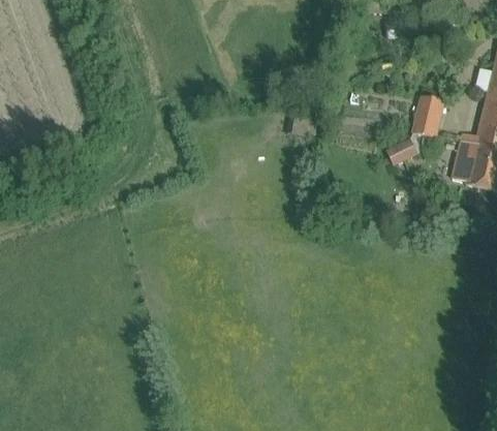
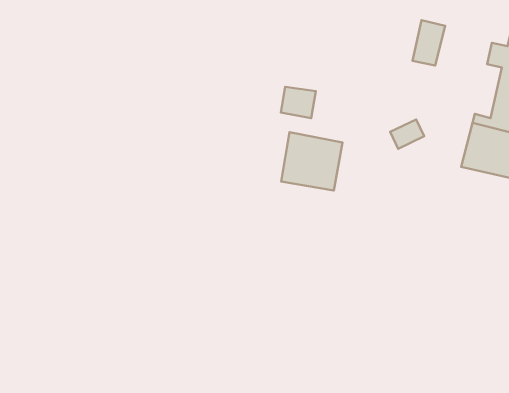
building: [410,94,440,135] -> [412,20,445,65]
building: none -> [281,132,342,190]

